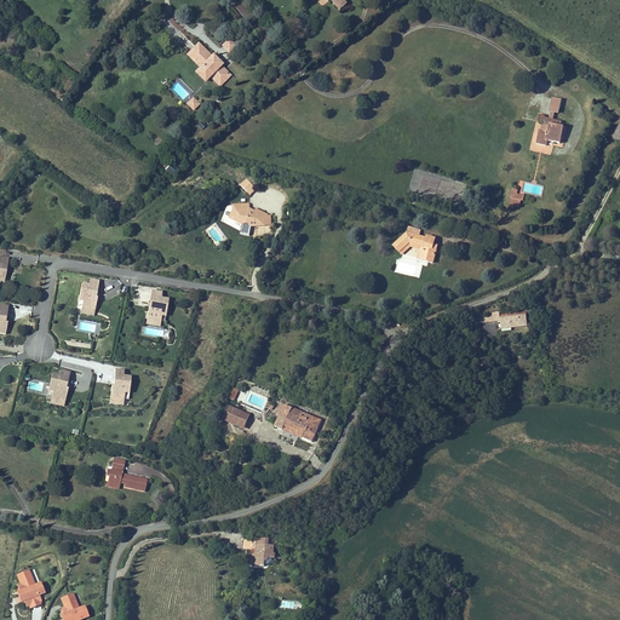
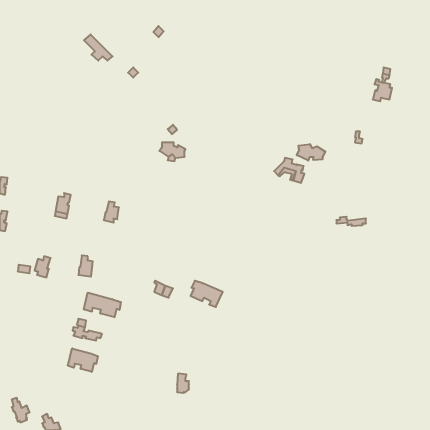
building: [186,41,228,79] -> [84,34,113,61]
building: none -> [297,144,325,161]
building: none -> [84,293,121,317]
building: none -> [68,348,98,372]

